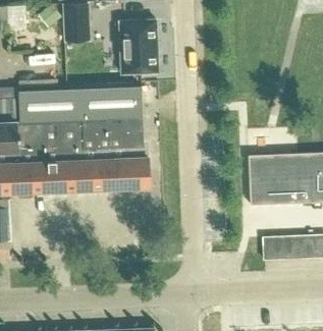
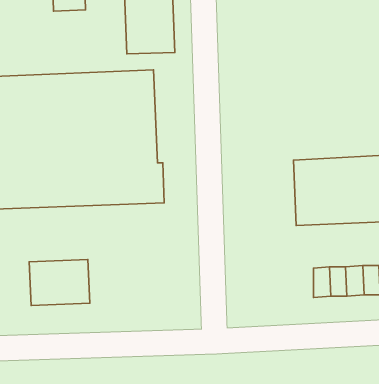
building: none -> [29,260,90,305]

